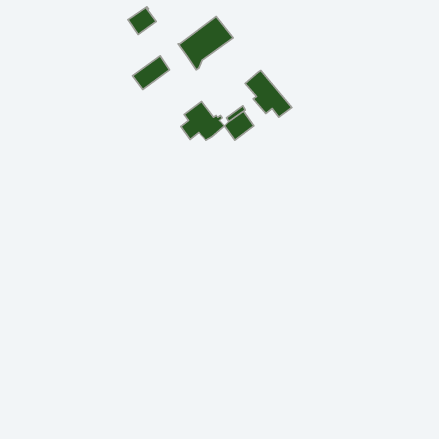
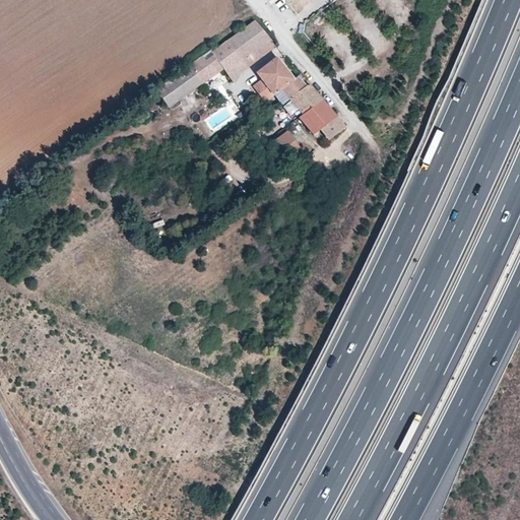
building: [128,7,156,35] -> [189,50,222,82]
building: [181,102,225,140] -> [254,57,306,103]

